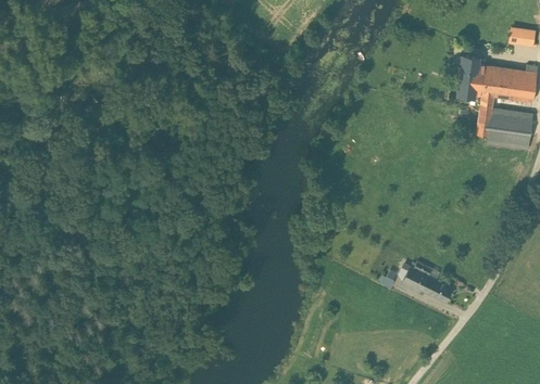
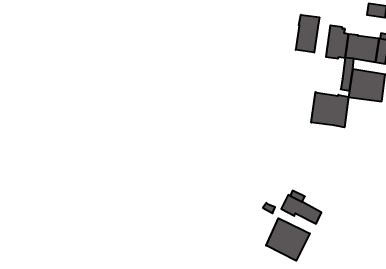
building: none -> [296,15,319,53]
building: none -> [311,92,349,127]
building: none -> [266,218,310,261]

